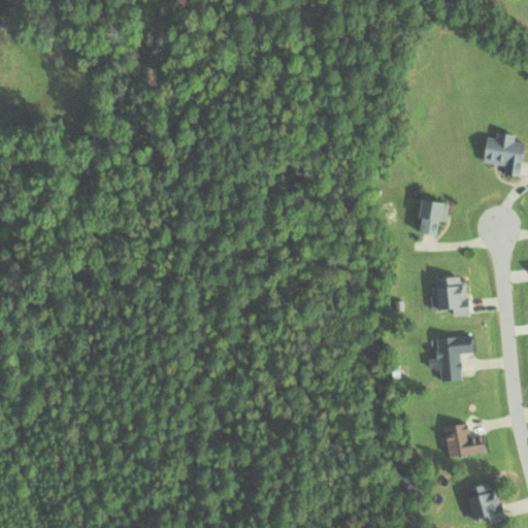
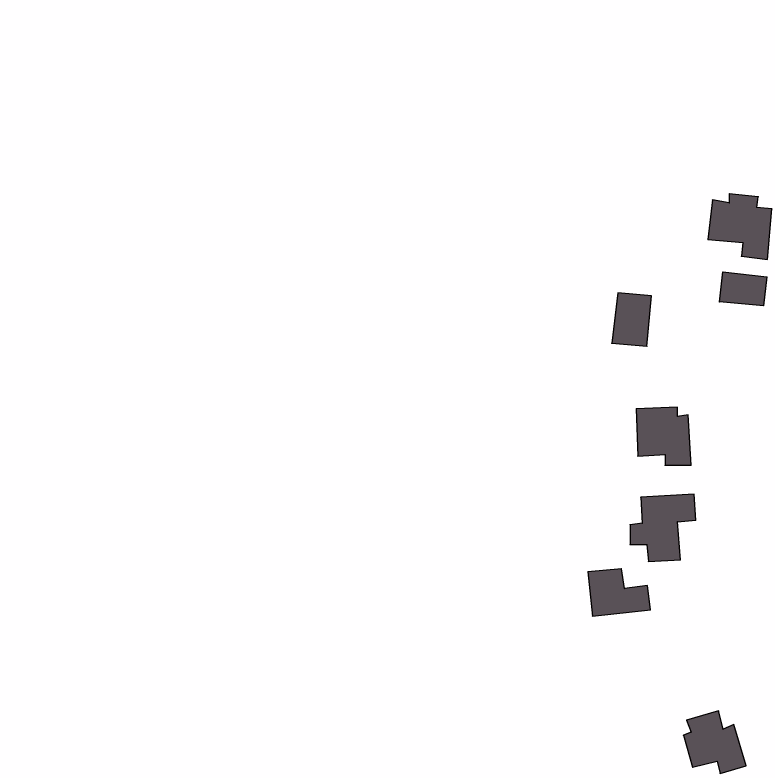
building: none -> [719,272,767,306]
building: [444,424,487,456] -> [588,569,650,616]

